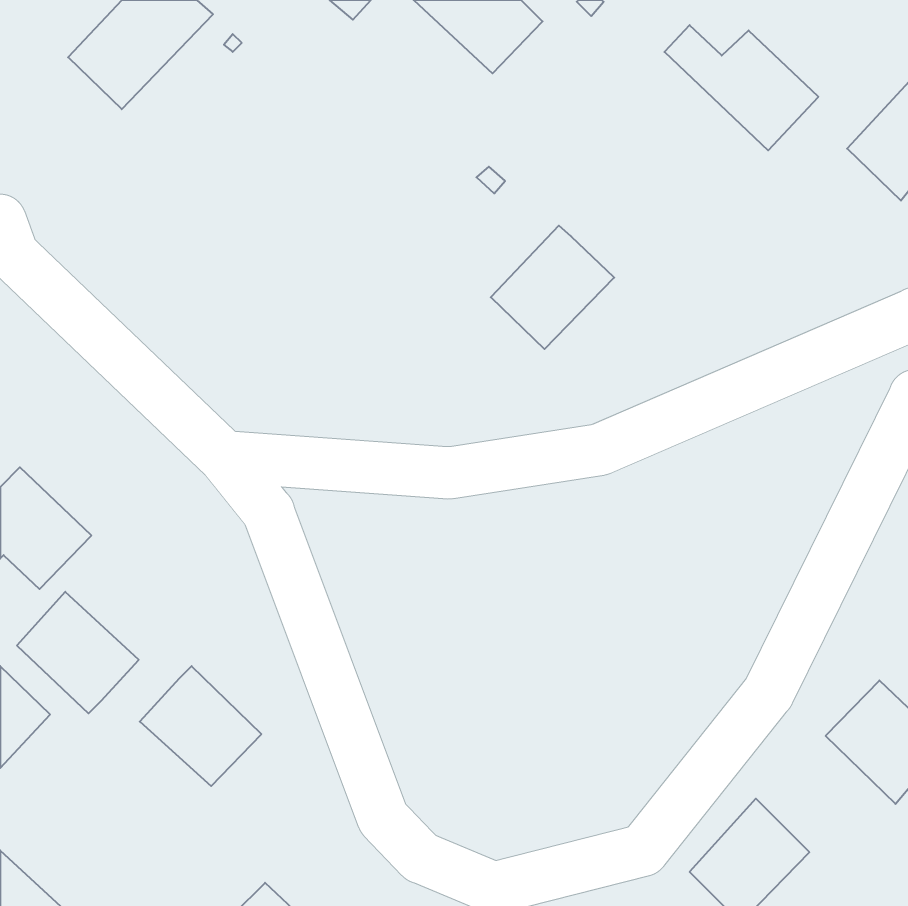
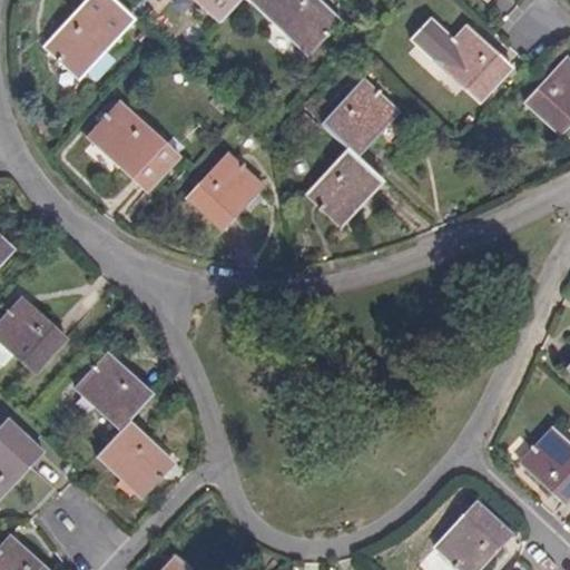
building: none -> [325,76,401,153]
building: none -> [88,98,180,188]
building: none -> [187,150,263,227]
building: [17,592,139,713] -> [71,352,147,428]

